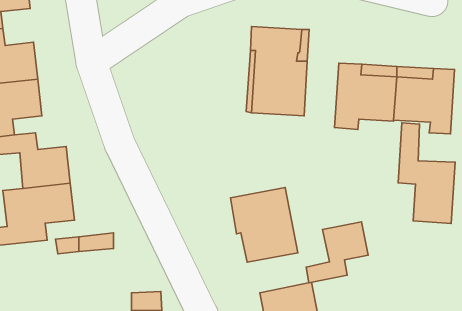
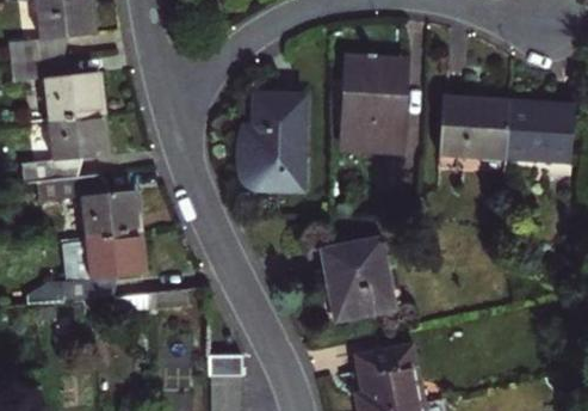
building: none -> [239,93,307,191]
building: [398,123,455,224] -> none
building: [306,222,368,283] -> none

